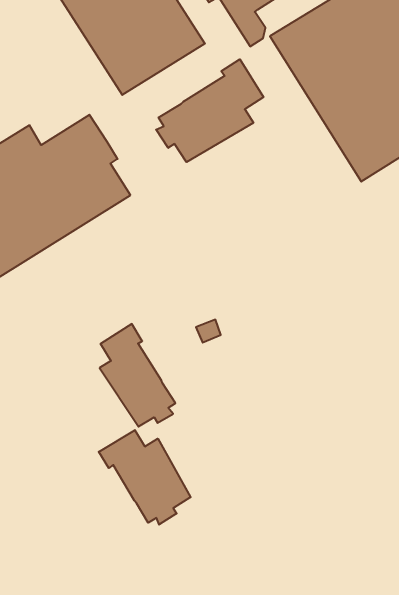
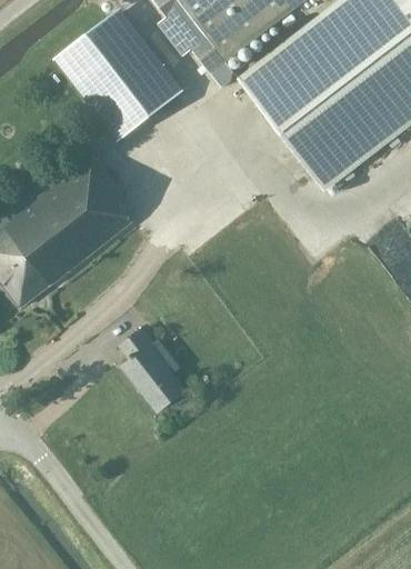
building: [156,59,263,162] -> none
building: [99,430,191,525] -> none

